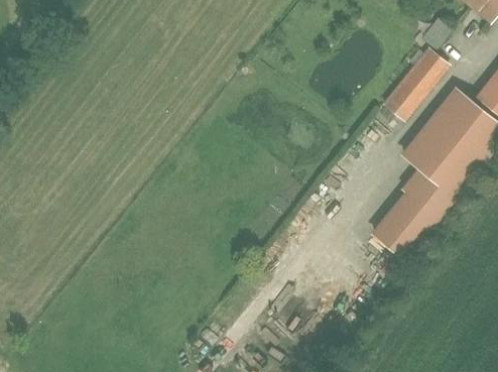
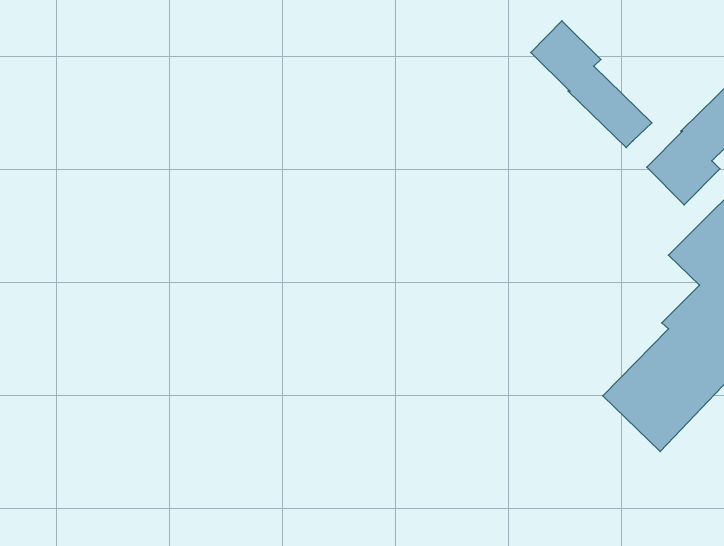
building: none -> [531,21,652,148]

